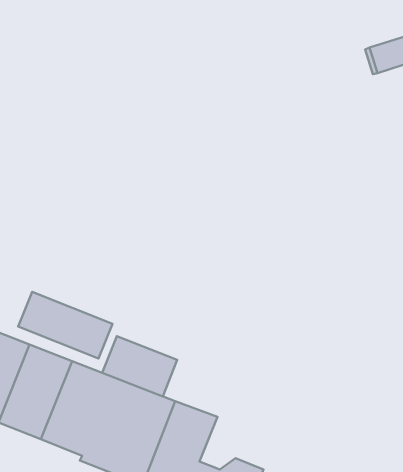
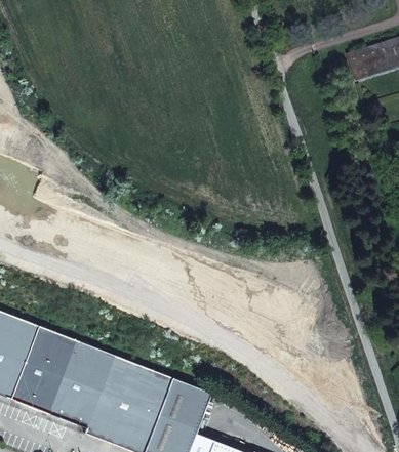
building: [18,292,113,358] -> none
building: [102,336,177,396] -> none

